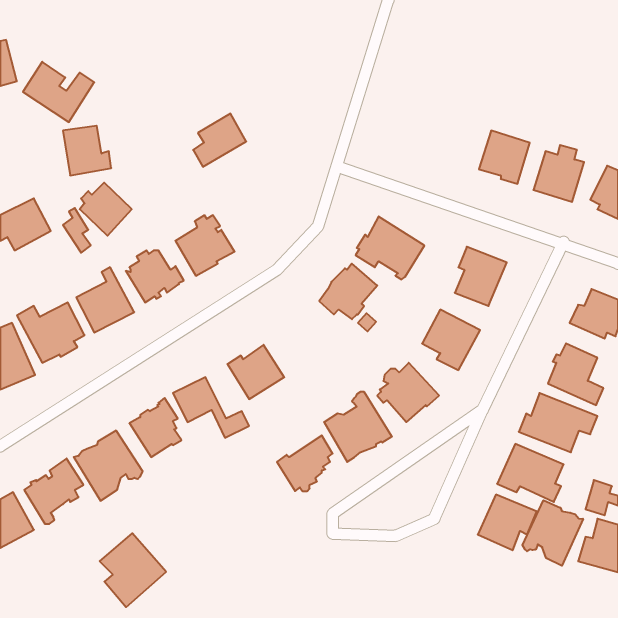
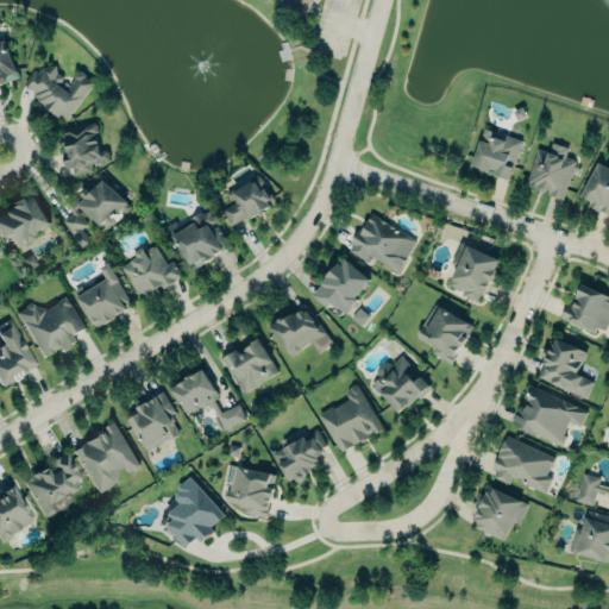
building: [193,114,246,167] -> [222,175,275,227]
building: none -> [270,304,327,357]
building: none -> [226,466,276,516]
building: [522,500,583,566] -> none
building: [100,533,166,607] -> [159,478,225,551]

